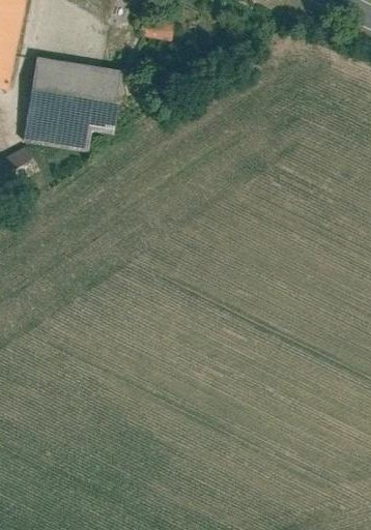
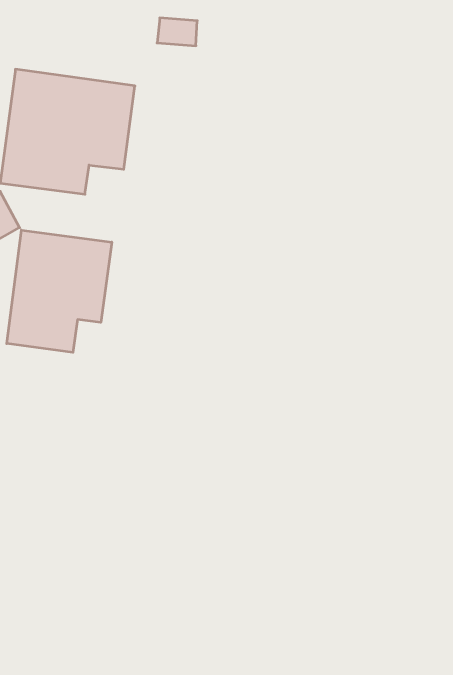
building: none -> [7,230,112,352]

